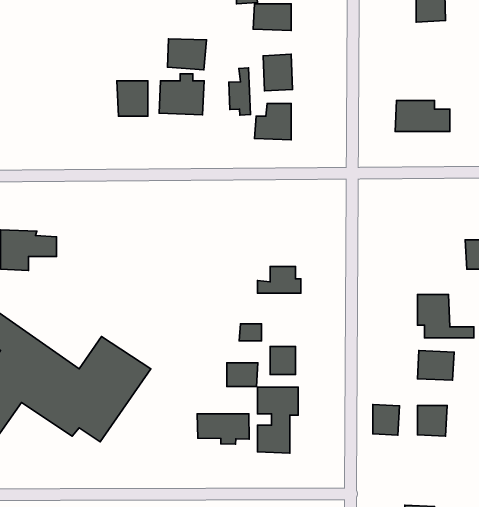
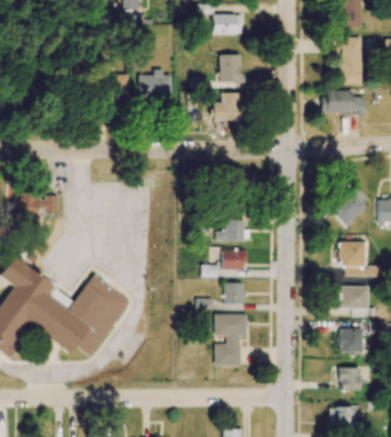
building: none -> [339,36,362,85]
building: [168,39,207,70] -> none
building: [229,68,250,115] -> none
building: none -> [329,184,371,225]
building: [227,363,258,387] -> [223,250,247,269]
building: [373,404,399,435] -> [340,367,361,391]
building: [197,414,249,444] -> none

